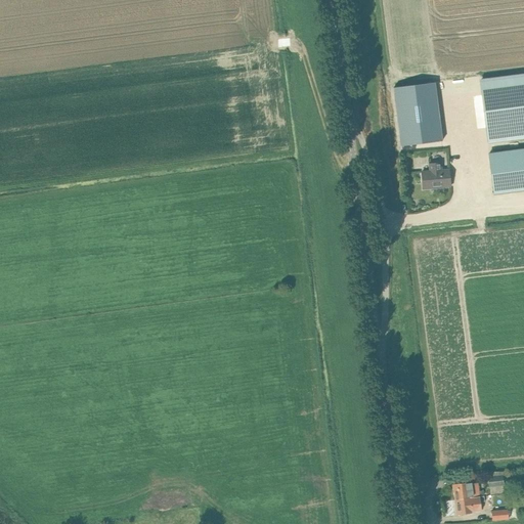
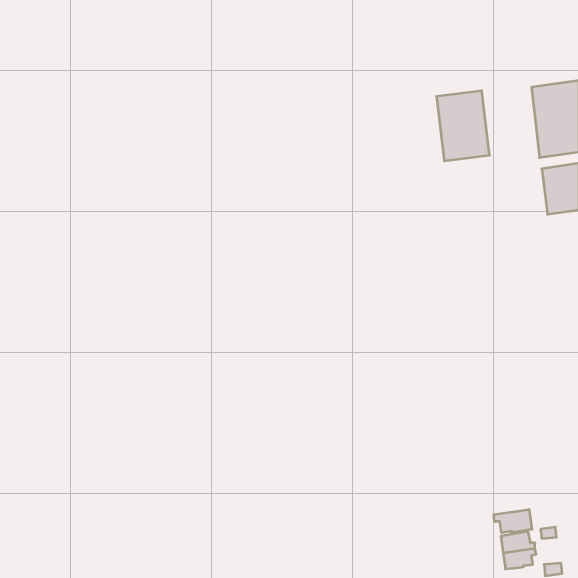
building: [423,162,451,188] -> none
building: none -> [494,509,532,533]

